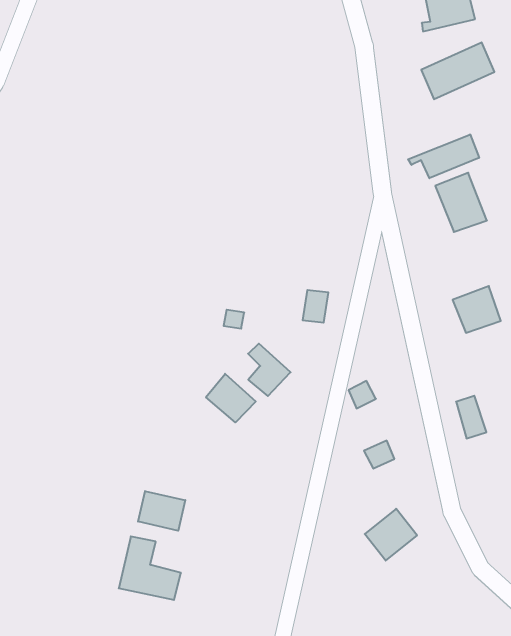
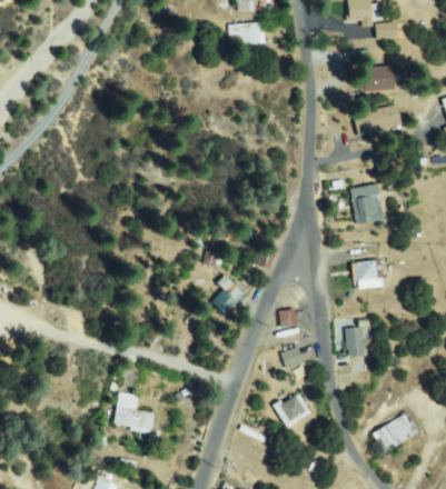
building: [408,134,479,178] -> none
building: [206,374,256,422] -> none
building: [138,491,185,531] -> none

